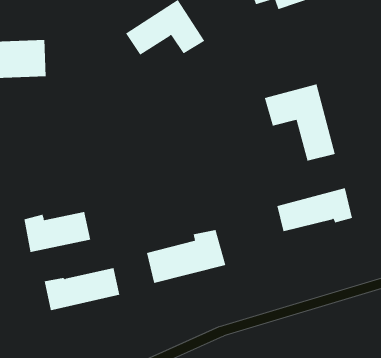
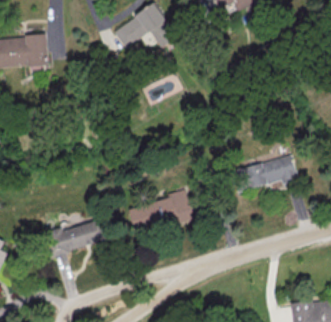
building: [264,84,335,161] -> none
building: [24,211,91,253] -> none

